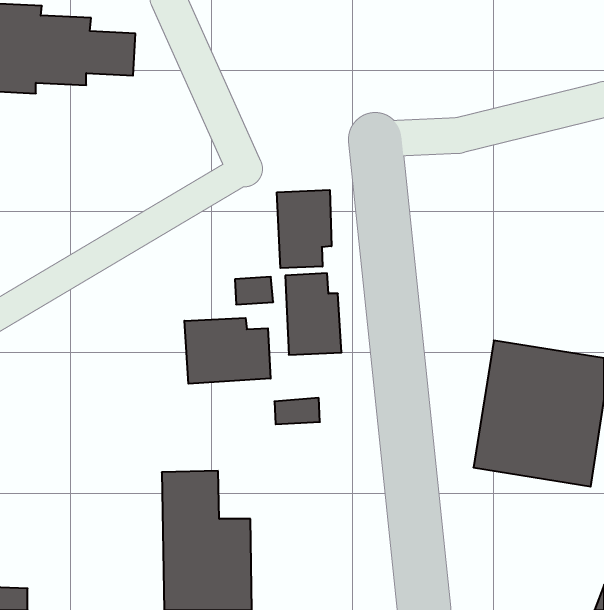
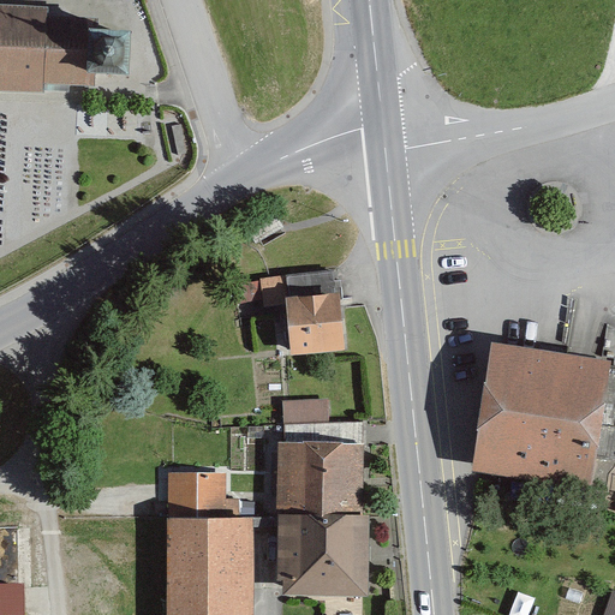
building: [277,190,331,268] -> none
building: [184,318,271,384] -> none
building: none -> [277,443,369,599]

